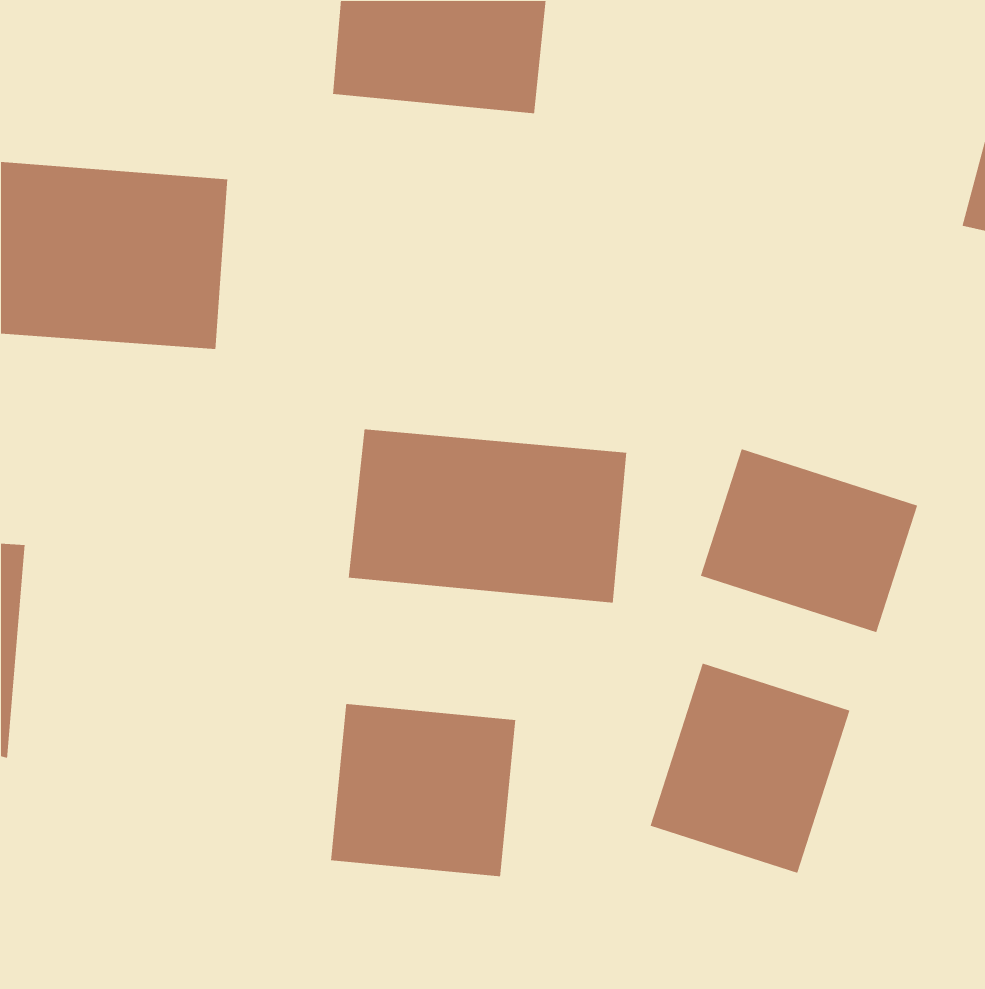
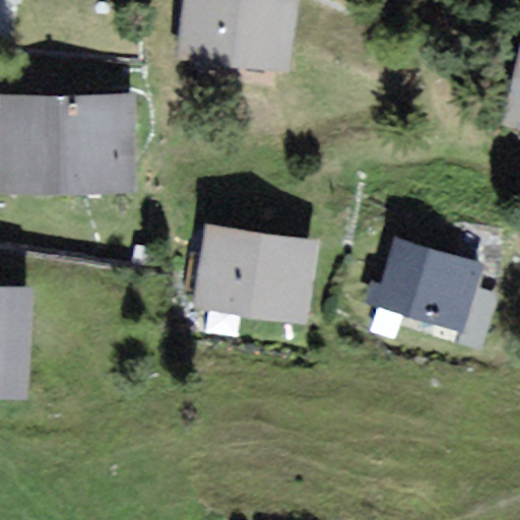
building: [650,663,850,874] -> none
building: [330,703,516,877] -> none

